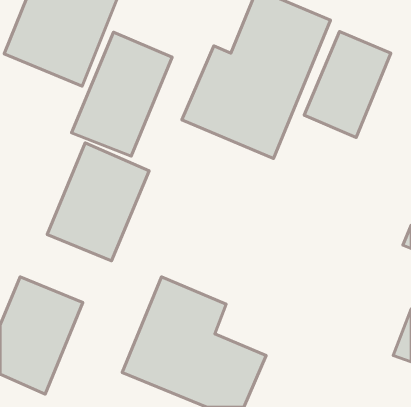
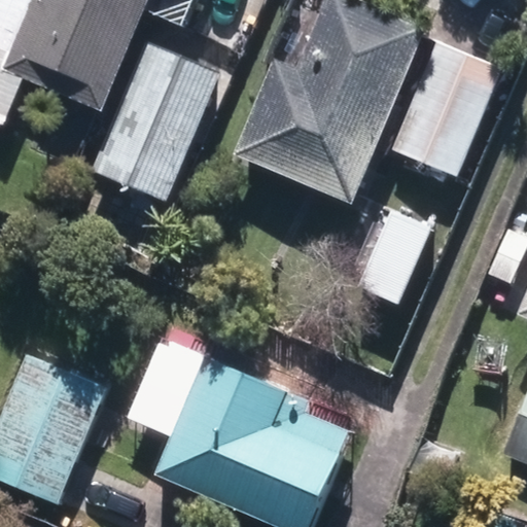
building: [47,143,149,261] -> none

